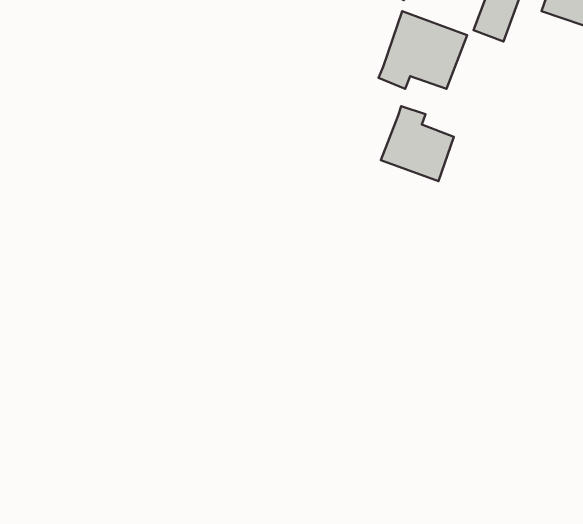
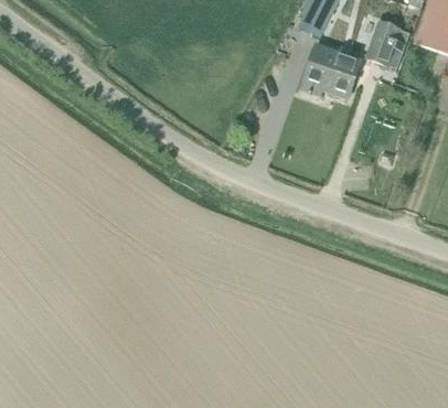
building: [381,106,454,181] -> none

